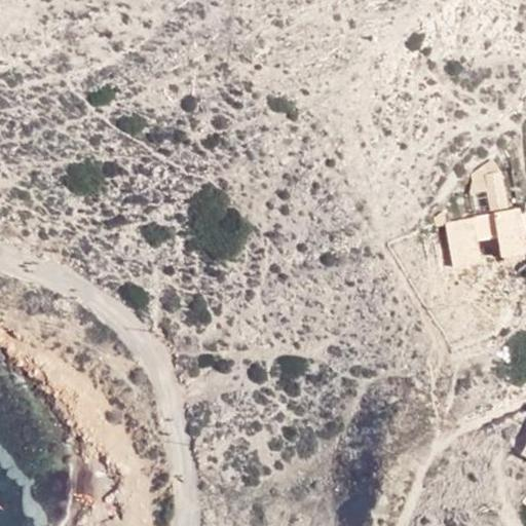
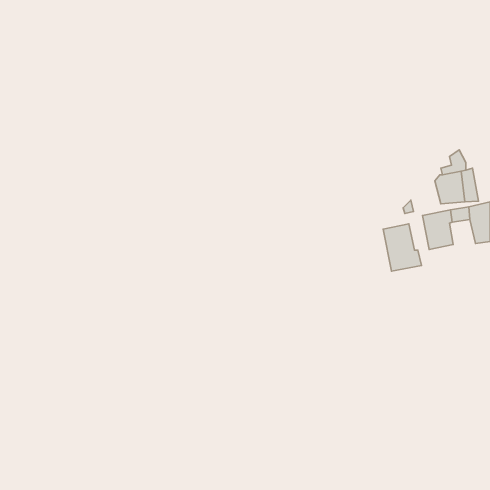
building: none -> [383,224,421,271]

